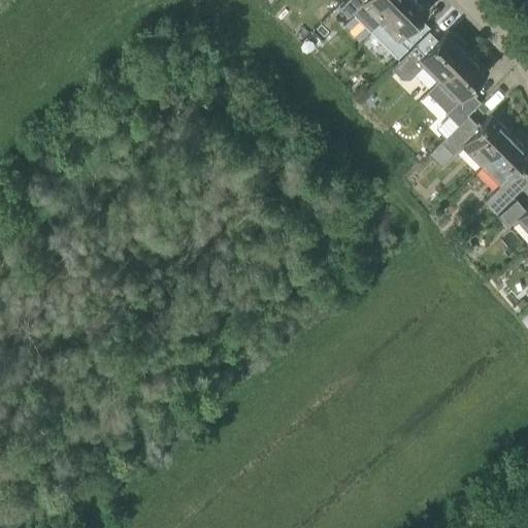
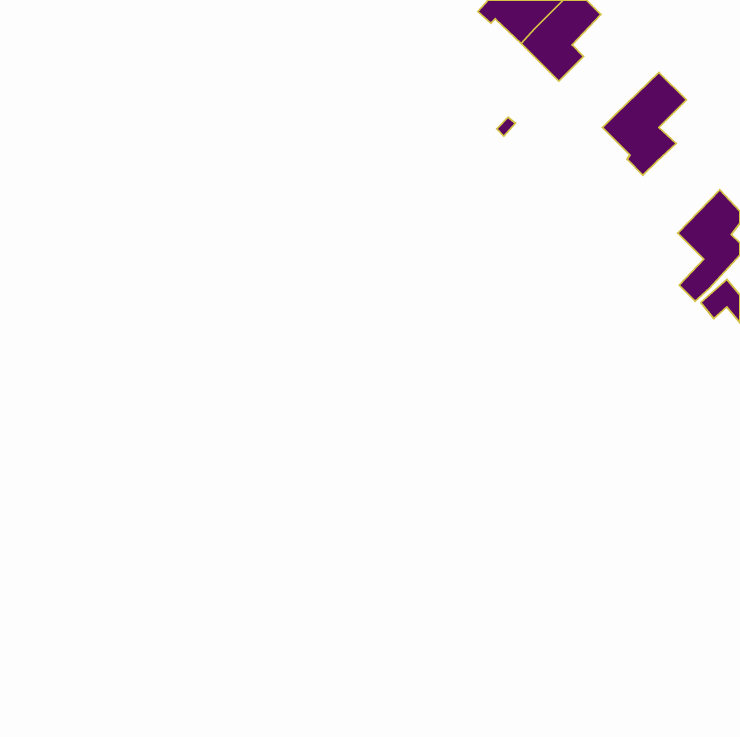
building: [393,32,469,84] -> none
building: [441,117,513,168] -> none

